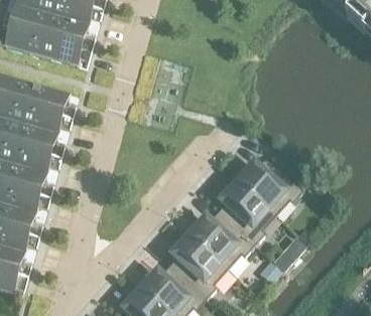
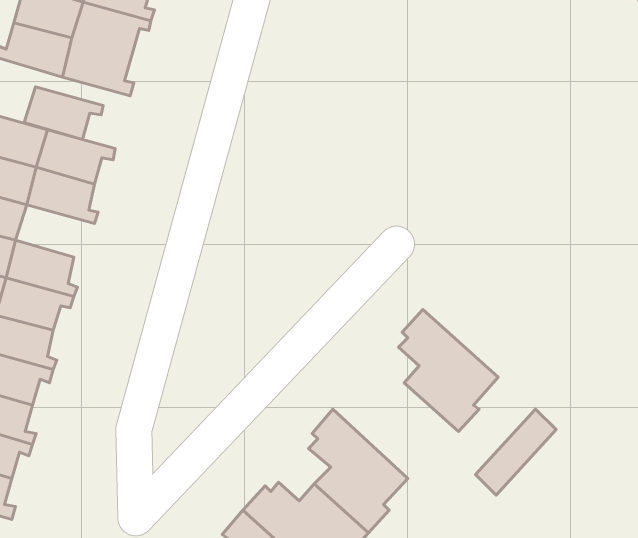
building: [15,123,57,151] -> [24,87,103,139]
building: [234,160,302,215] -> none
building: [186,217,253,270] -> none

